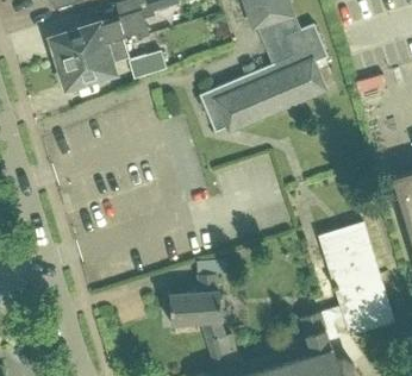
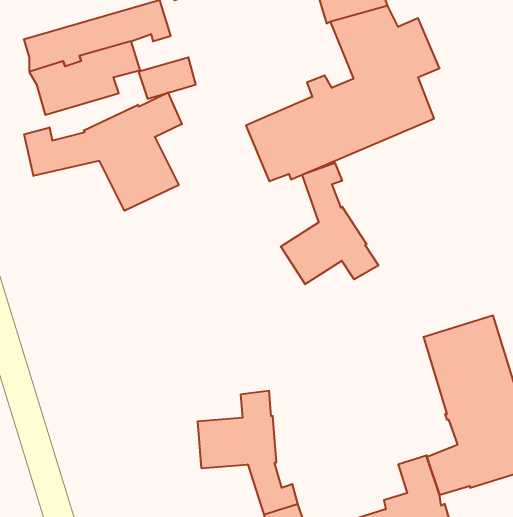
building: none -> [24,93,182,211]
building: none -> [281,163,378,284]

